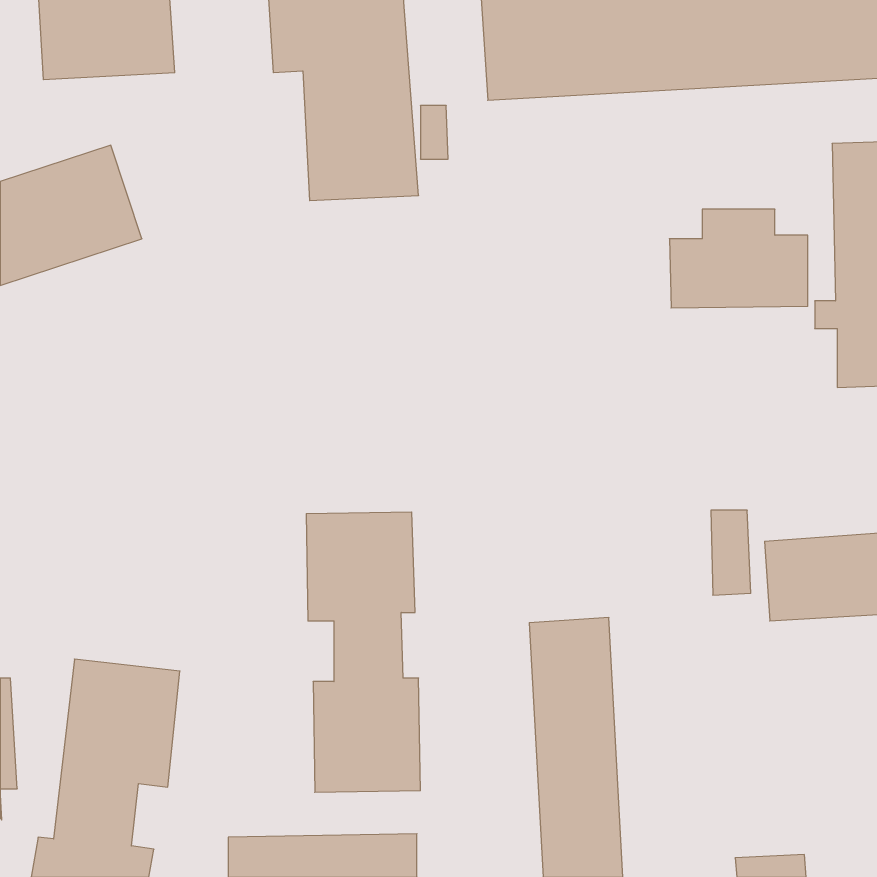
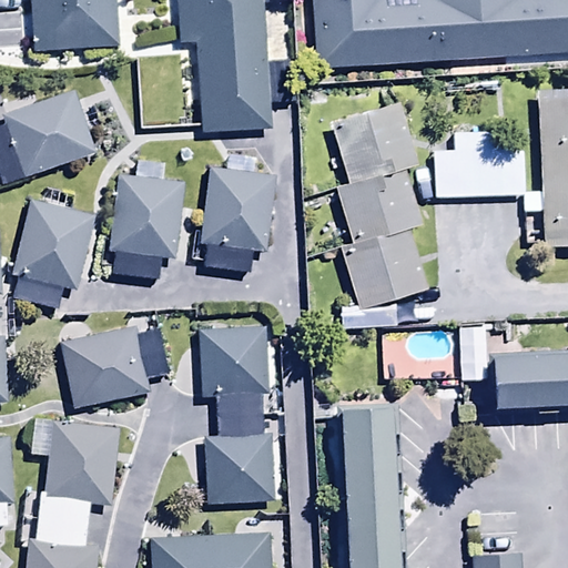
building: none -> [332,106,429,306]
building: none -> [201,168,275,272]
building: none -> [106,176,186,282]
building: none -> [13,200,98,310]
building: none -> [65,320,174,402]

